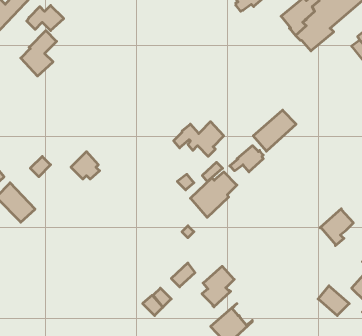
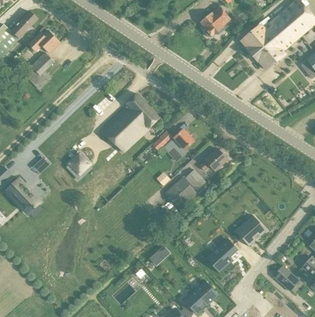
building: none -> [102,93,160,151]
building: [253,110,296,151] -> none
building: [320,209,353,246] -> [235,215,263,246]
building: [202,266,234,307] -> [209,239,236,273]

